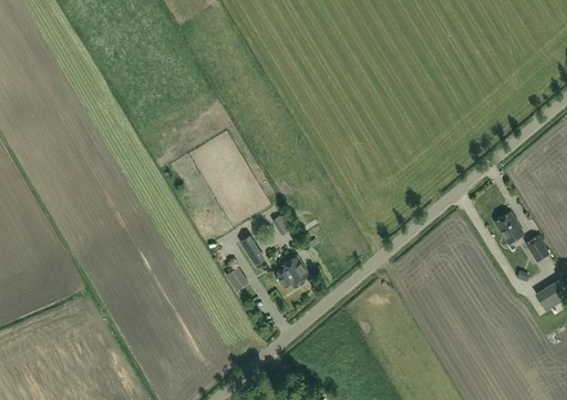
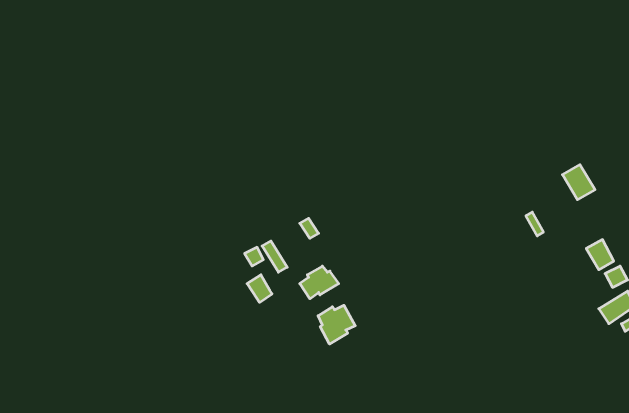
building: [496,213,525,244] -> [562,165,595,200]
building: none -> [318,305,355,344]

